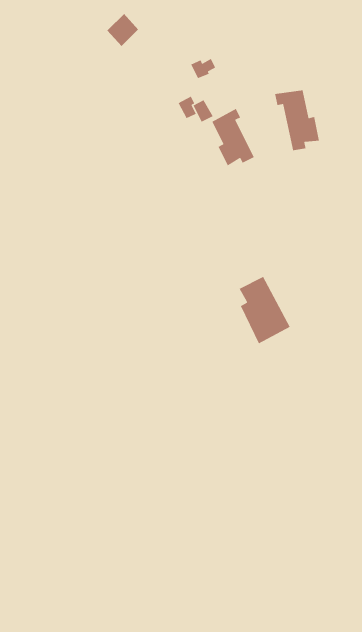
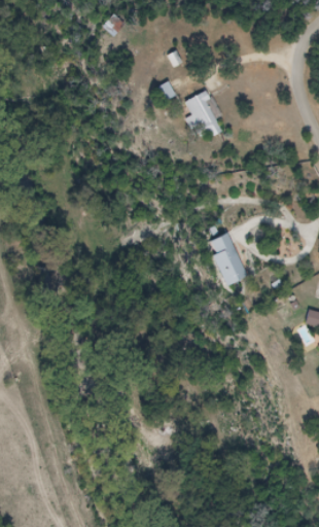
building: [274,90,320,151] -> none

